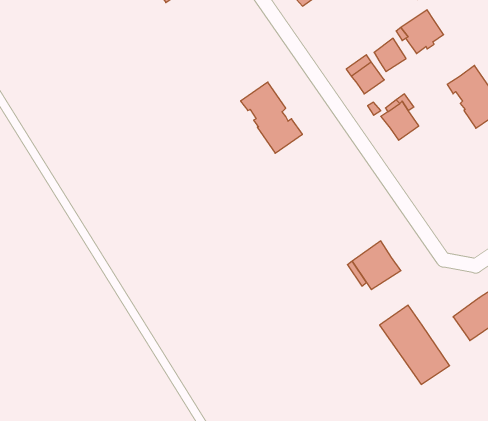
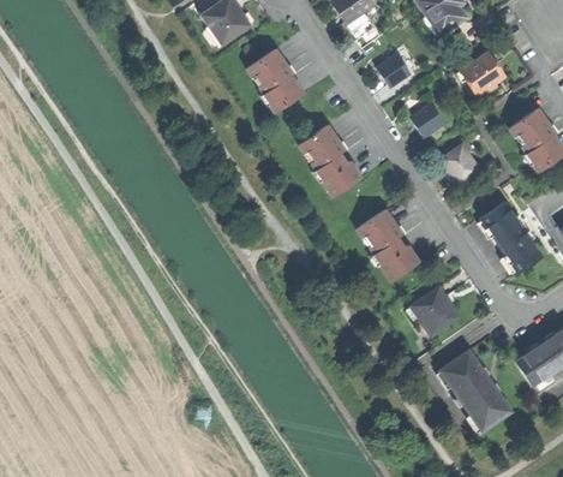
building: none -> [247,47,304,112]
building: [374,38,406,72] -> [378,53,411,87]
building: none -> [480,201,541,272]
building: none -> [357,209,419,280]

